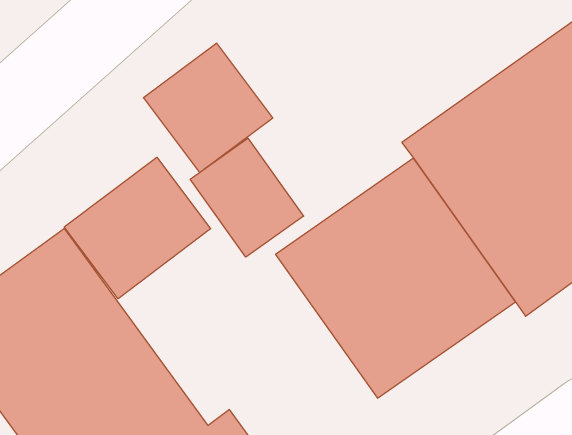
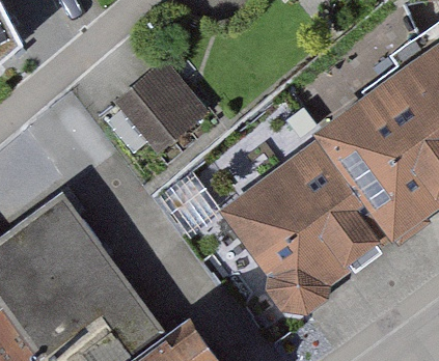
building: [190,138,304,257] -> none
building: [64,157,211,299] -> none

